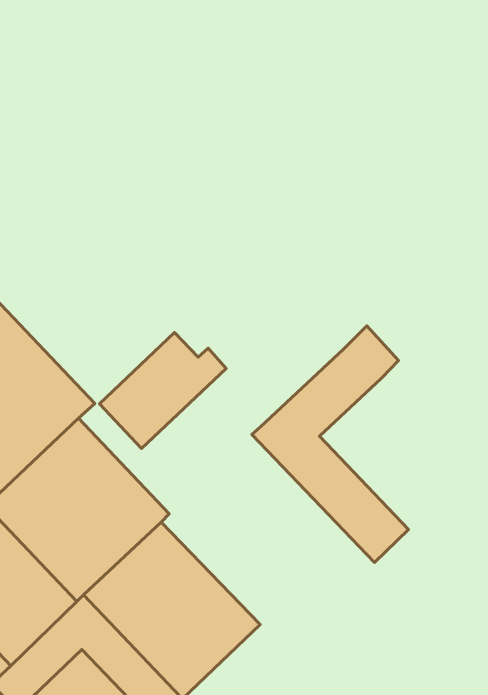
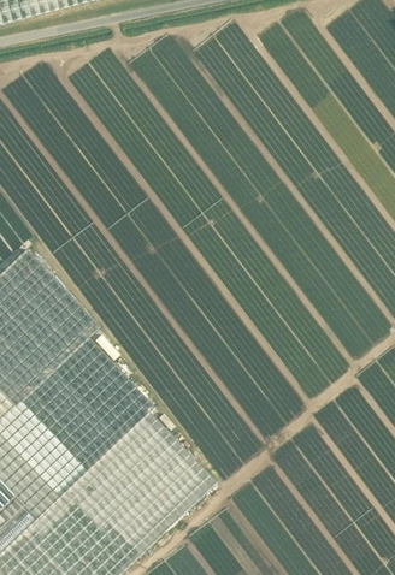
building: [252,326,408,562] -> none
building: [100,332,226,449] -> none

